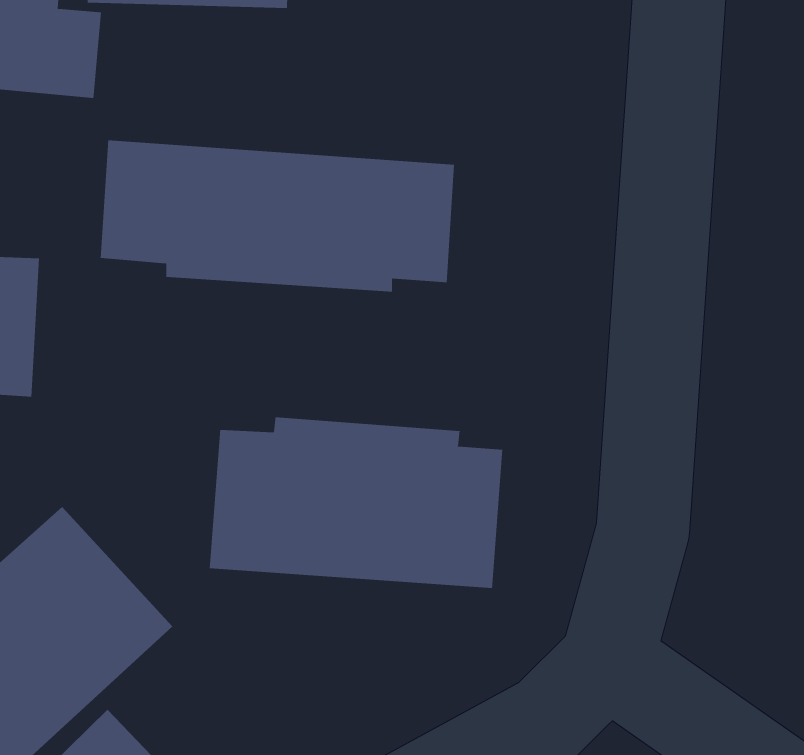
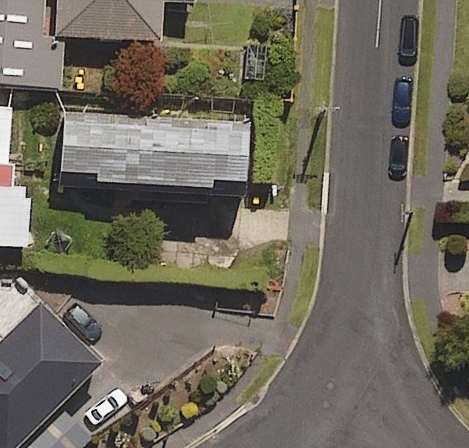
building: [209,416,503,589] -> none

